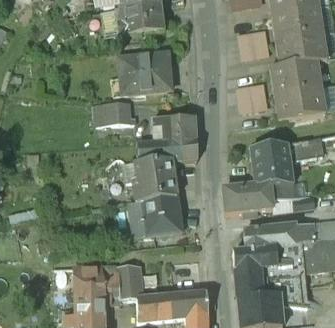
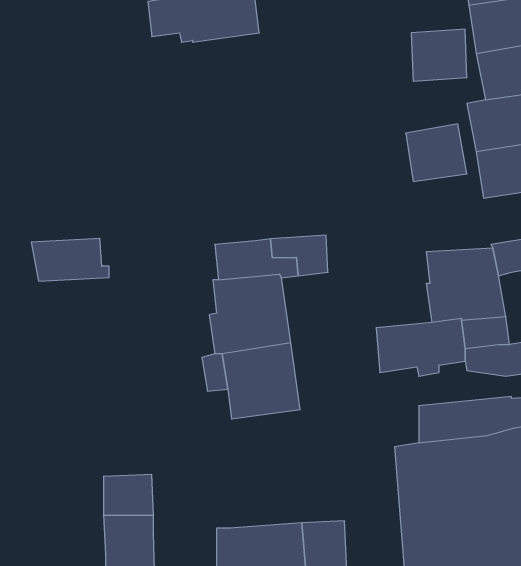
building: [119,51,170,90] -> none
building: [92,100,134,123] -> [31,238,109,281]
building: [146,114,196,139] -> none
building: [102,265,141,297] -> none

